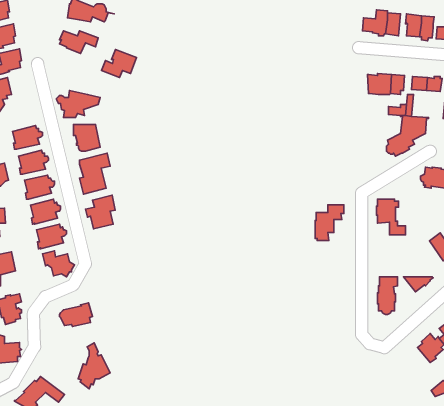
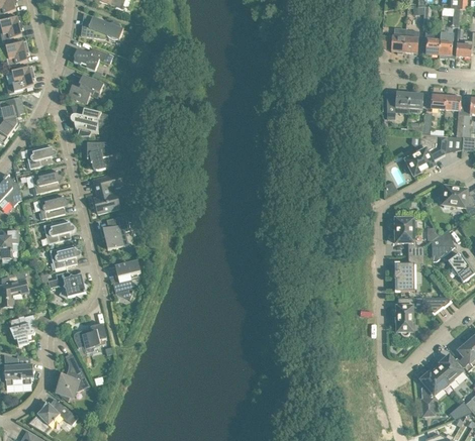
building: [102,49,136,77] -> [68,74,103,102]
building: [315,205,344,241] -> [394,254,423,291]
building: none -> [431,228,454,260]
building: none -> [111,259,139,299]
building: [78,343,110,389] -> [57,354,89,401]
building: none -> [420,368,449,415]

